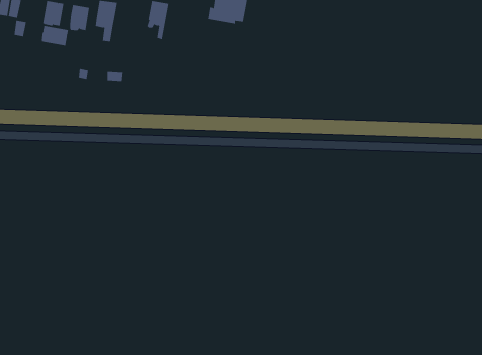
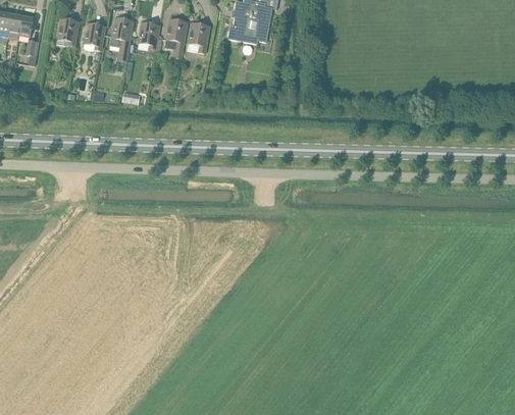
building: none -> [138,21,159,48]
building: none -> [187,21,209,51]
building: [41,25,69,46] -> none

